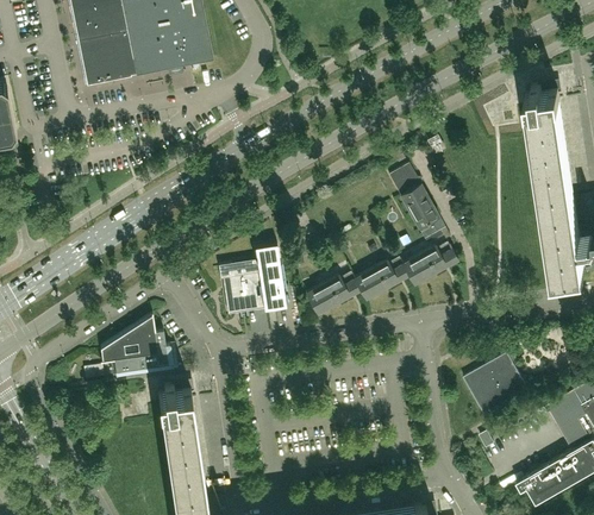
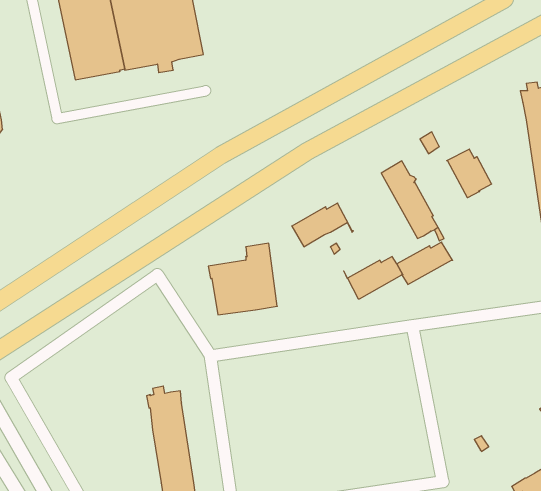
building: none -> [447,149,492,198]
building: [305,272,365,315] -> [292,203,353,247]
building: [100,314,171,376] -> none
building: [462,353,527,415] -> none

